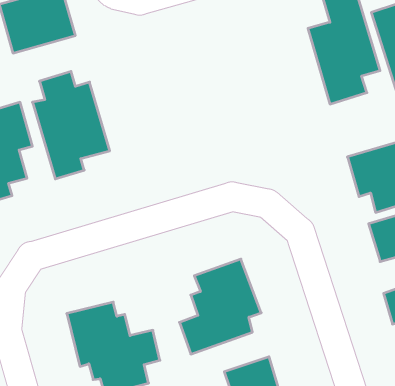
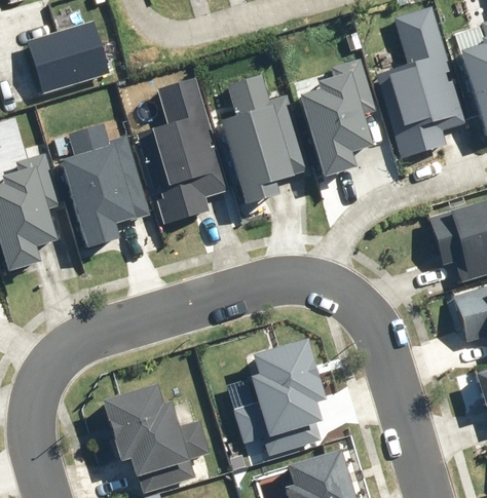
building: none -> [296,61,376,180]
building: none -> [219,74,307,205]
building: none -> [140,76,228,223]

